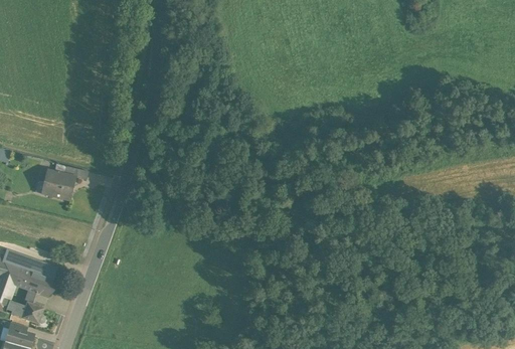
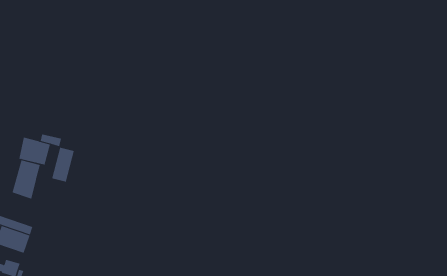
building: none -> [52,147,75,182]
building: none -> [12,159,41,199]

